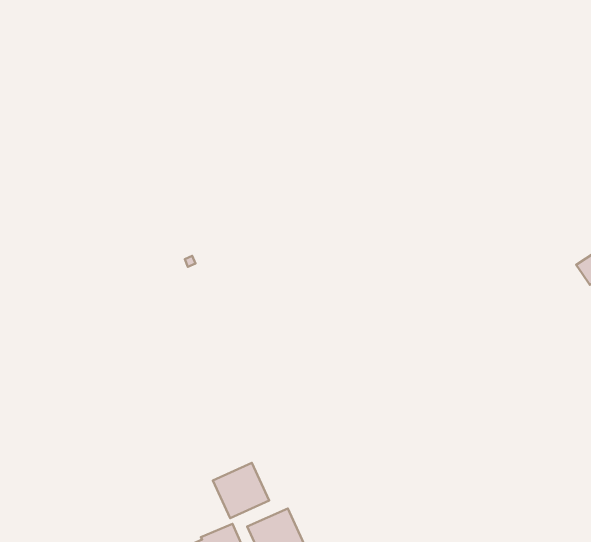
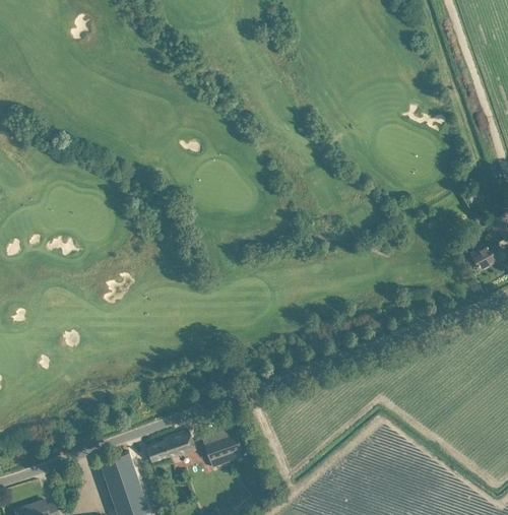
building: [213,463,269,518] -> none

